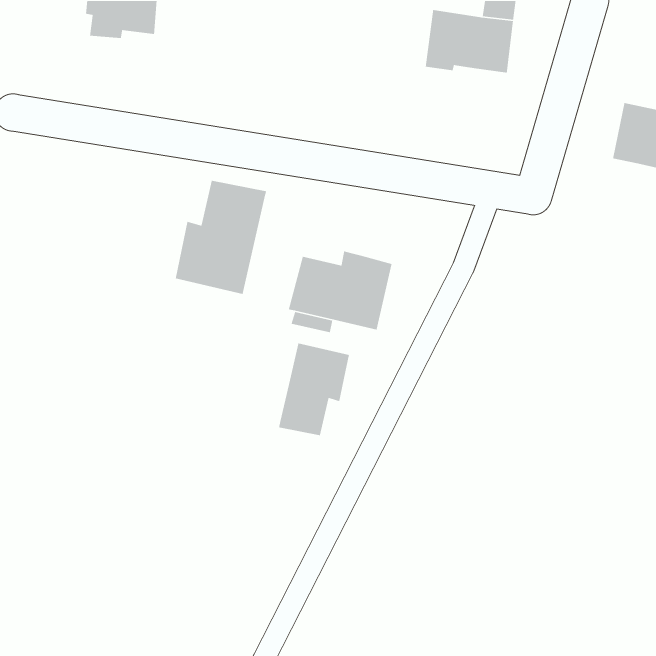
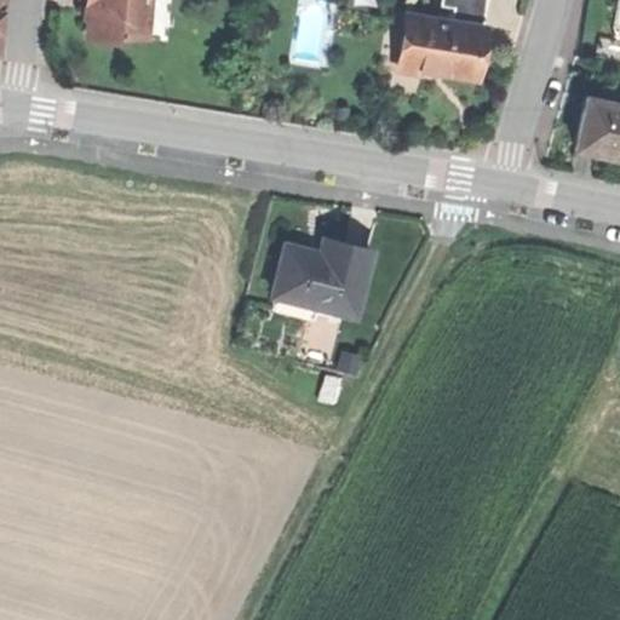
building: [175,180,267,295] -> none
building: [278,342,350,436] -> none

